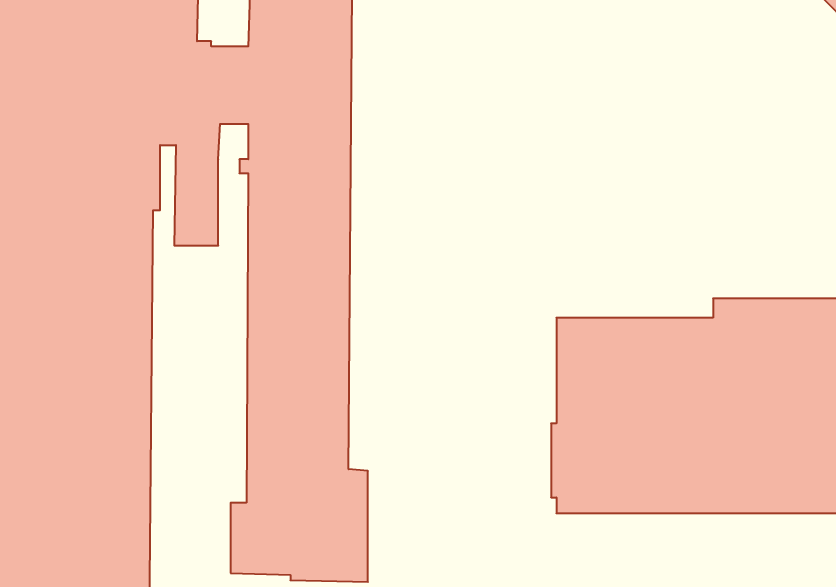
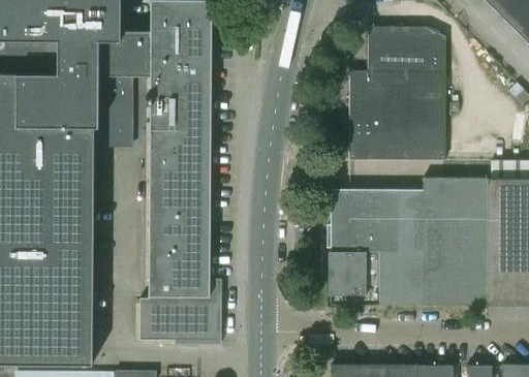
building: none -> [348,27,445,160]

